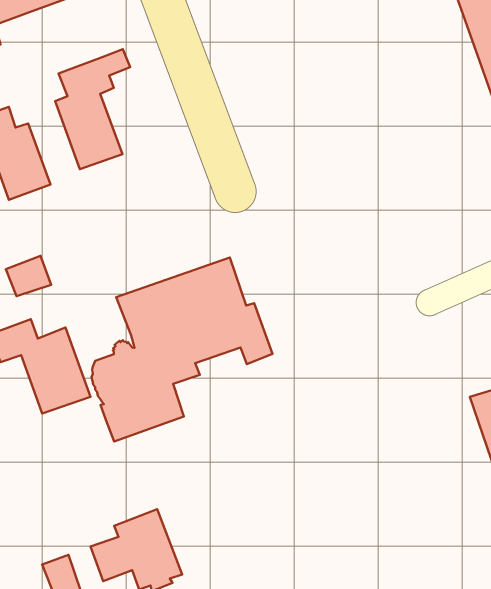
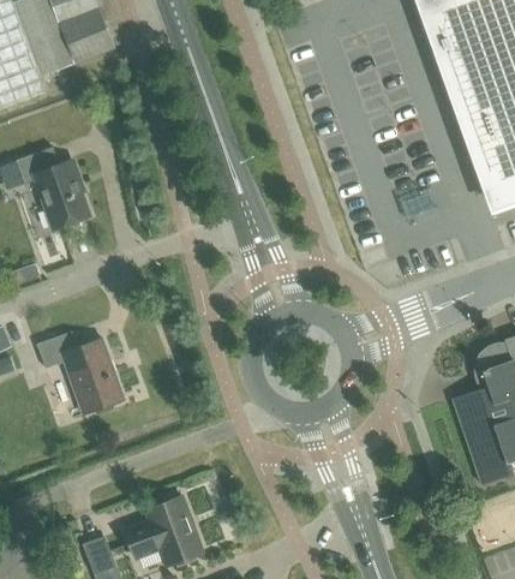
building: [55,49,130,169] -> none
building: [6,256,51,296] -> none
building: [92,257,272,442] -> none

